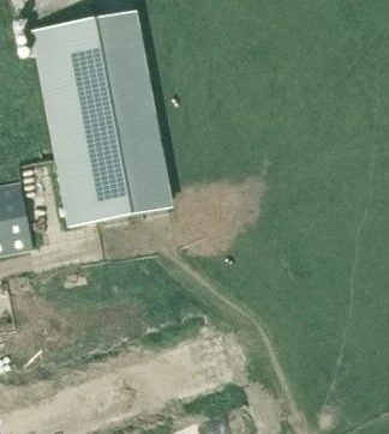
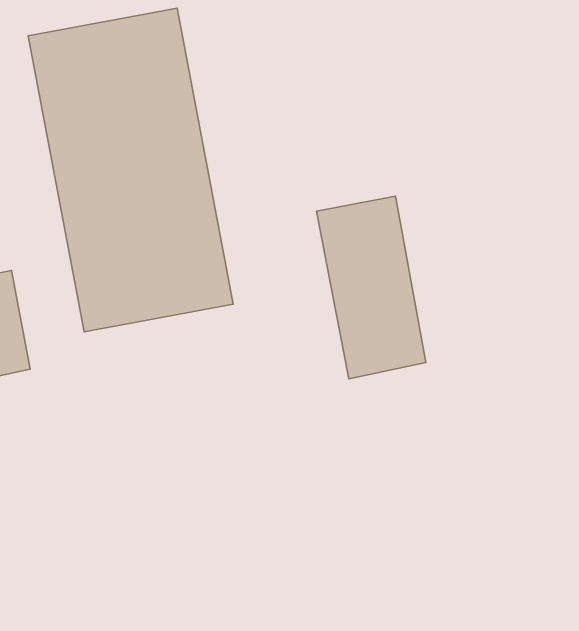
building: none -> [316,196,426,379]

